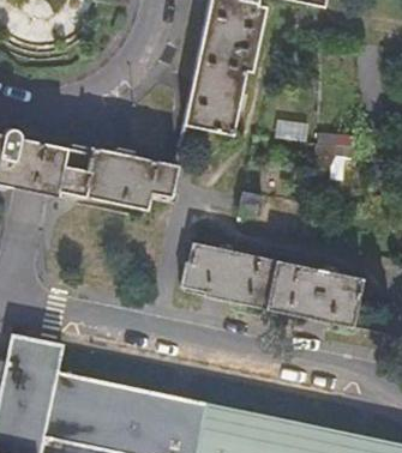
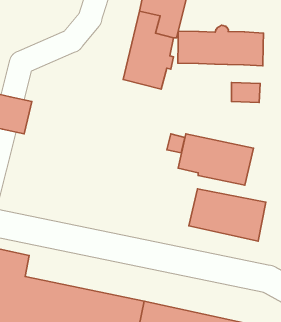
building: none -> [178,25,263,66]
building: [59,147,179,211] -> none
building: [182,243,277,308] -> [178,134,253,185]

